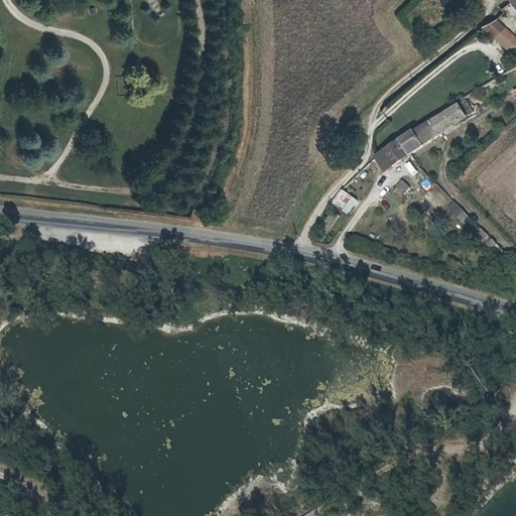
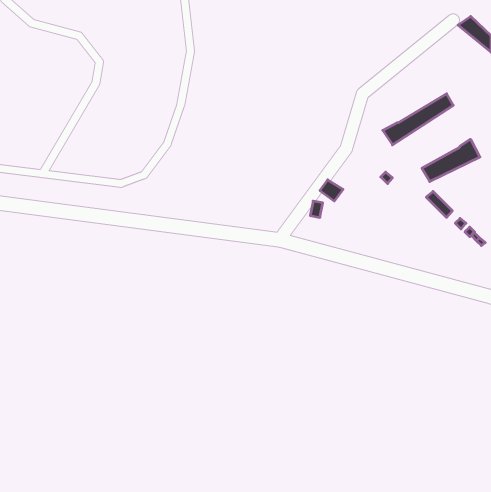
building: [376,136,409,167] -> none
building: none -> [422,139,480,182]

